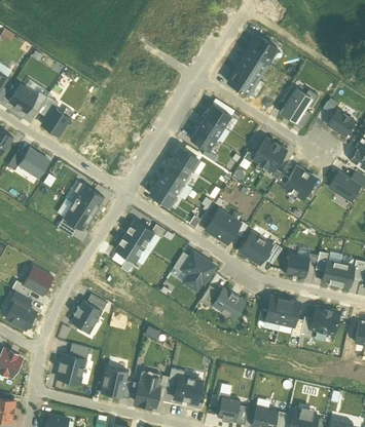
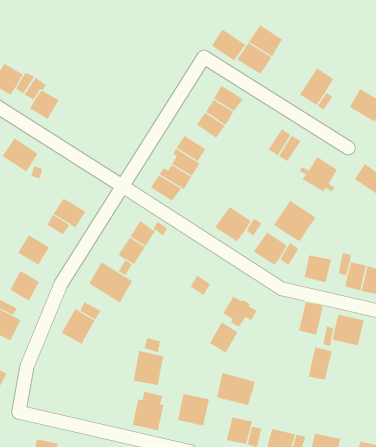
building: [246,35,277,64] -> [211,28,246,61]
building: [72,185,104,216] -> none
building: none -> [273,200,316,242]
building: none -> [17,234,50,265]
building: [184,251,213,279] -> none
building: none -> [89,261,133,303]
building: [264,290,286,320] -> [308,346,332,380]
building: none -> [209,322,238,353]
building: [57,354,85,385] -> none
building: none -> [217,372,255,406]
building: [99,365,126,396] -> [133,350,164,385]

